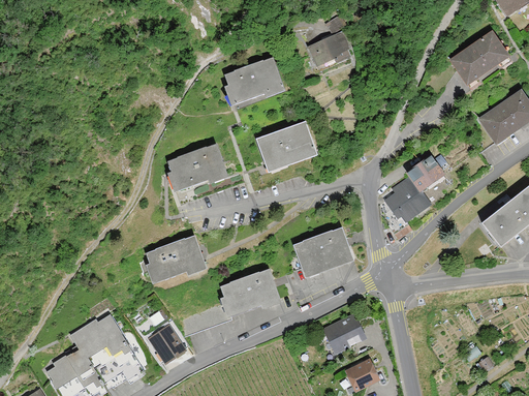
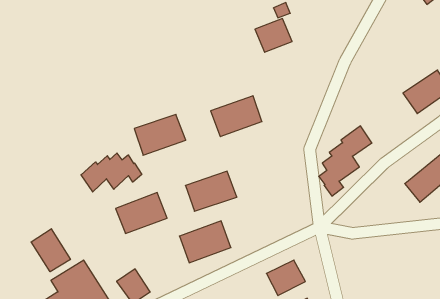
building: [450,33,508,85] -> none
building: [223,57,284,105] -> none
building: none -> [81,153,142,192]
building: [293,227,353,274] -> [185,171,237,211]
building: none -> [31,229,70,272]

